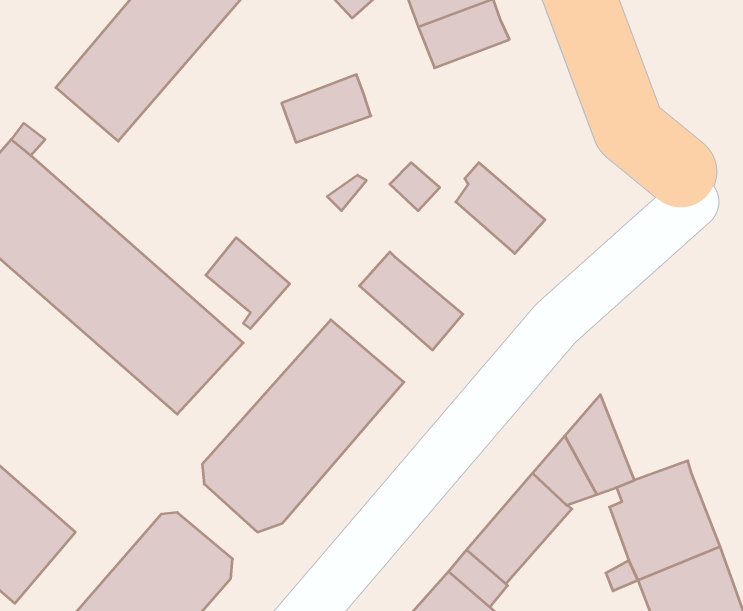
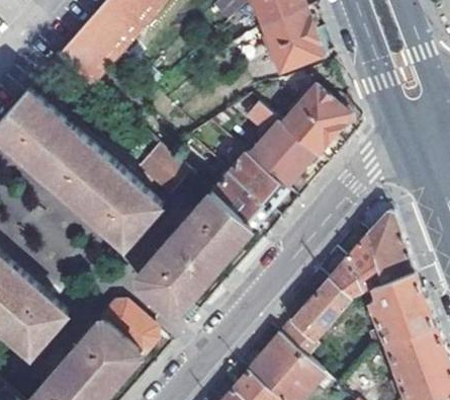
building: [282,75,371,142] -> [270,34,321,73]
building: none -> [295,87,350,137]
building: none -> [248,123,316,190]
building: none -> [211,174,269,229]
building: none -> [364,213,414,285]

